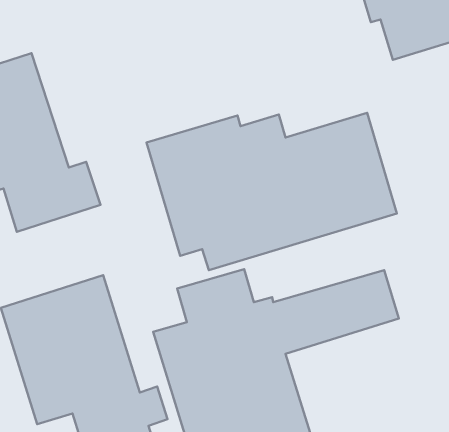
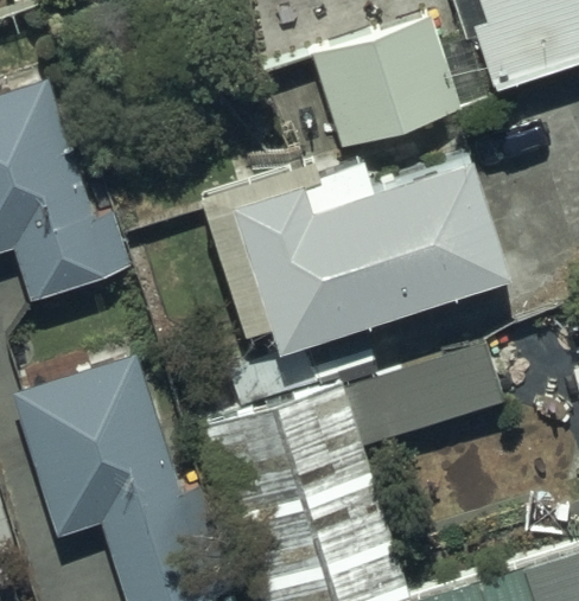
building: none -> [285,23,489,149]

